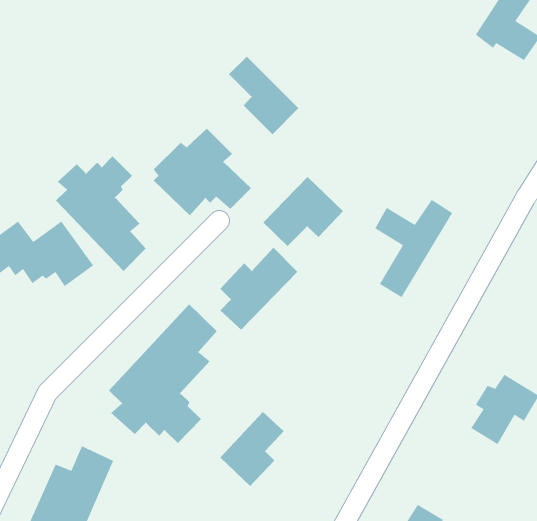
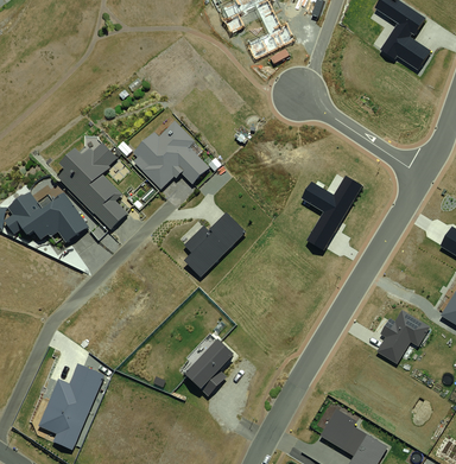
building: [228,56,299,135] -> none
building: [262,176,344,247] -> none
building: [108,304,218,444] -> none

